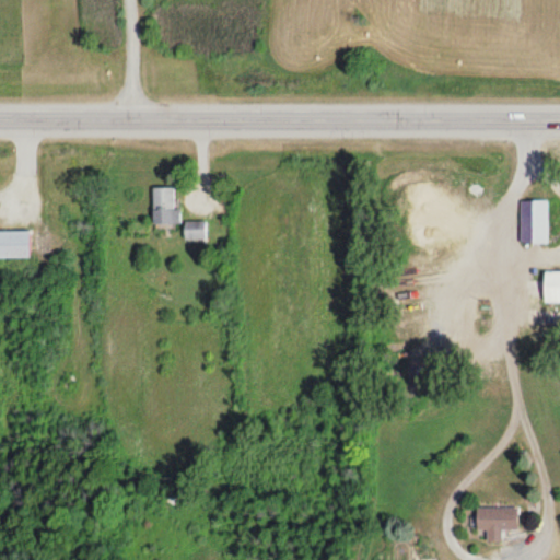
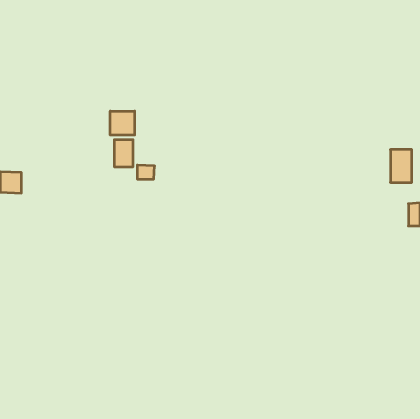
building: none -> [110,111,135,135]
building: [476,508,517,541] -> none

